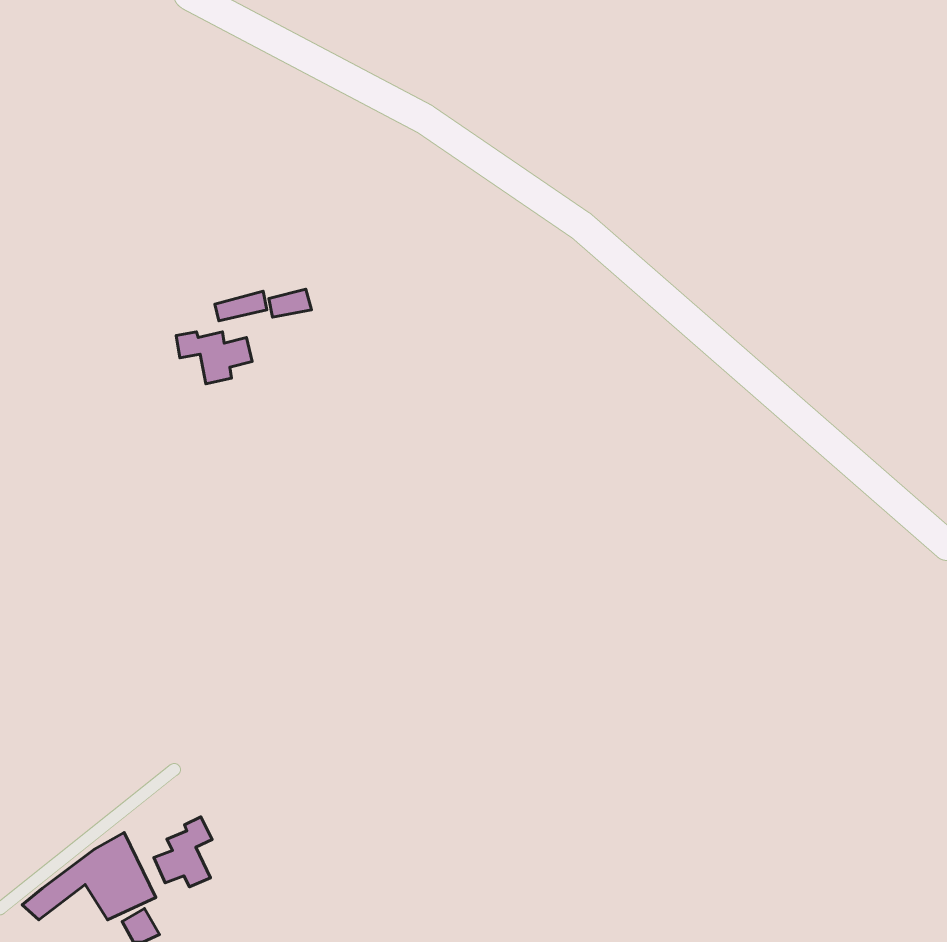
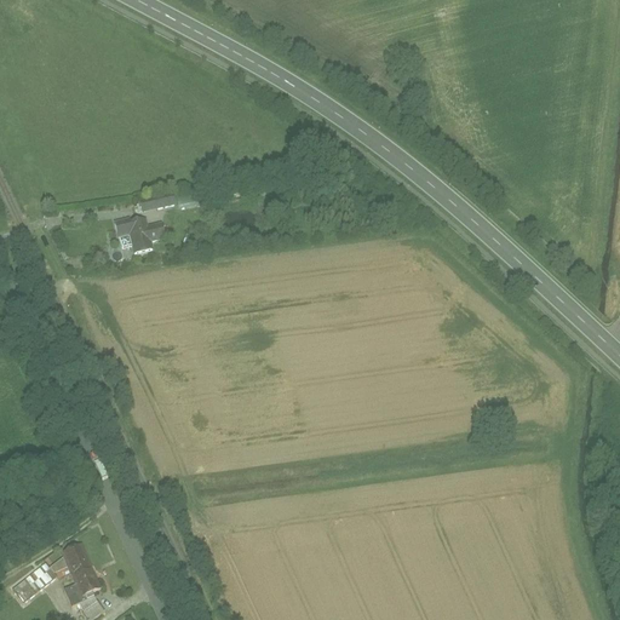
building: [154,817,212,887] -> none

